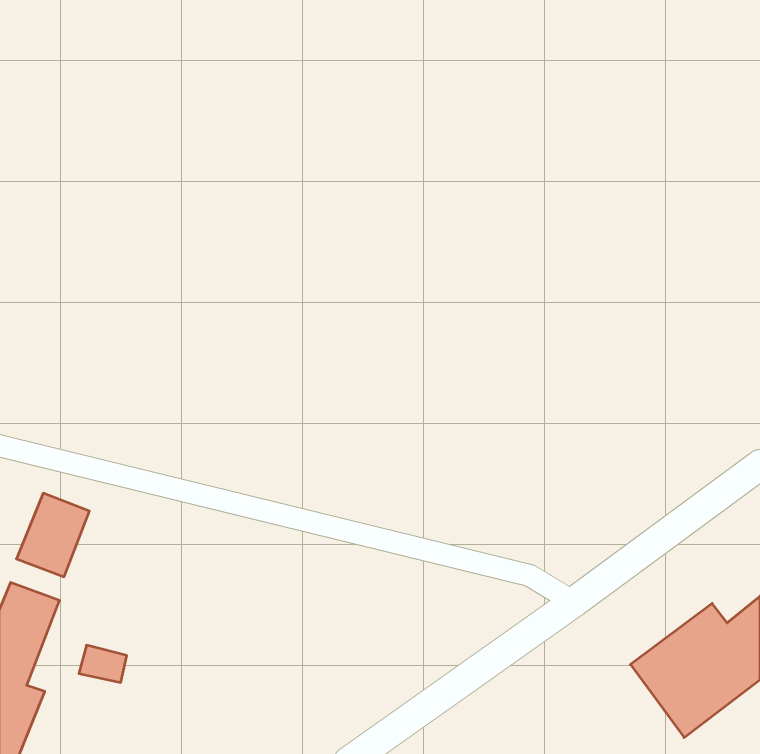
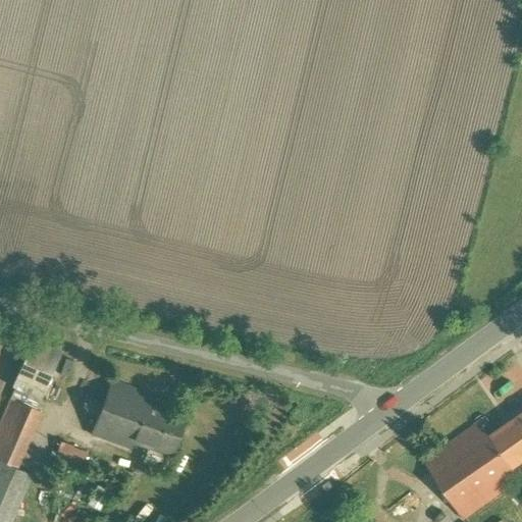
building: none -> [89,387,184,450]

